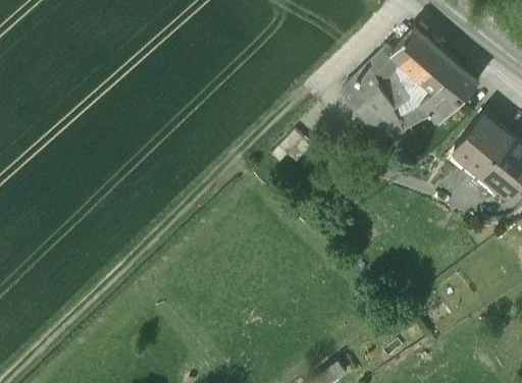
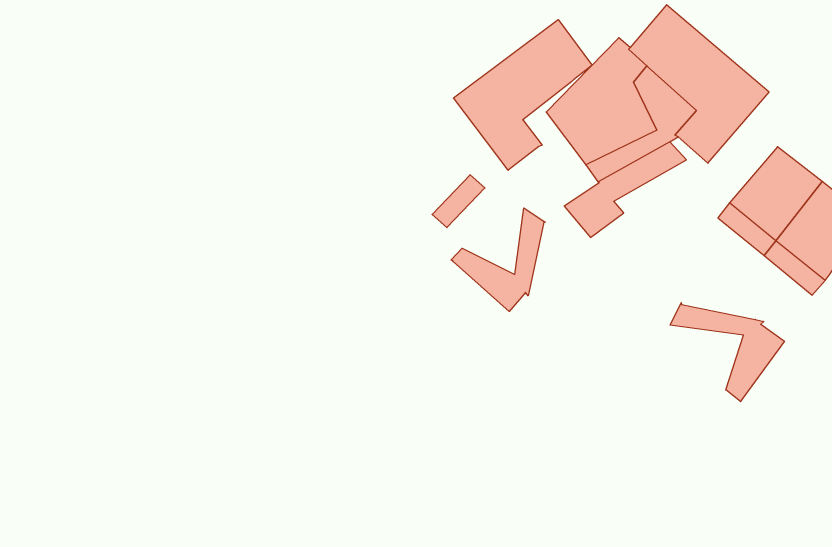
building: none -> [454,20,592,170]
building: none -> [451,208,545,311]
building: none -> [670,303,784,402]

